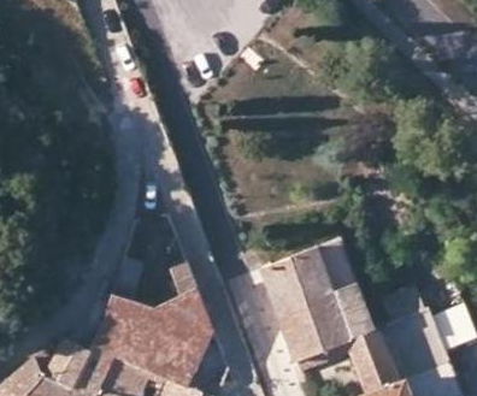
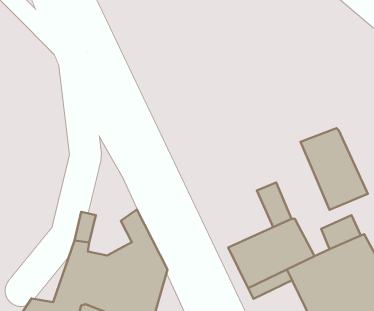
building: none -> [300,128,368,210]
building: [263,249,330,308] -> none

